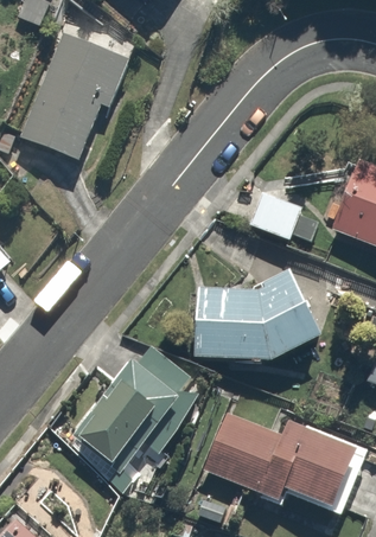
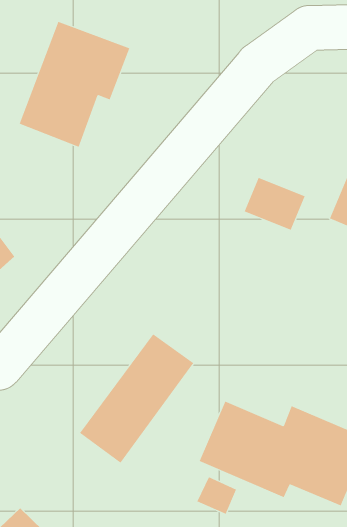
building: [193,268,321,358] -> none

